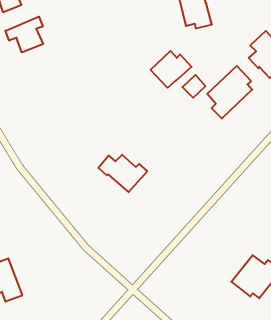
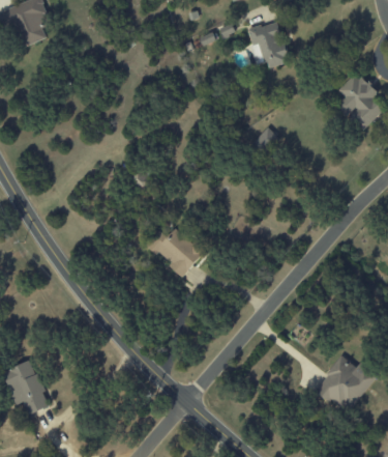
building: [5,17,43,52] -> none
building: [151,51,192,88] -> none
building: [207,66,252,119] -> none

